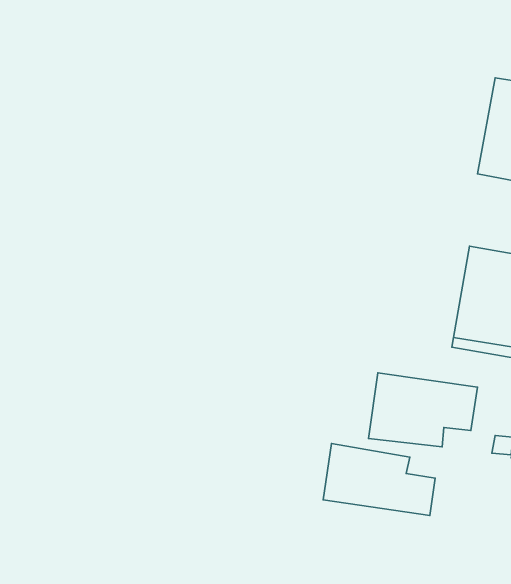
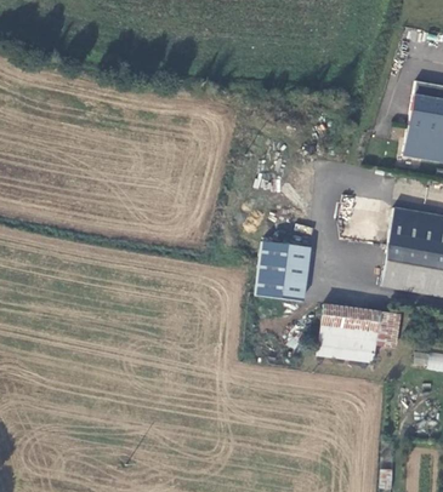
building: none -> [257,241,309,299]
building: [323,444,435,515] -> none

